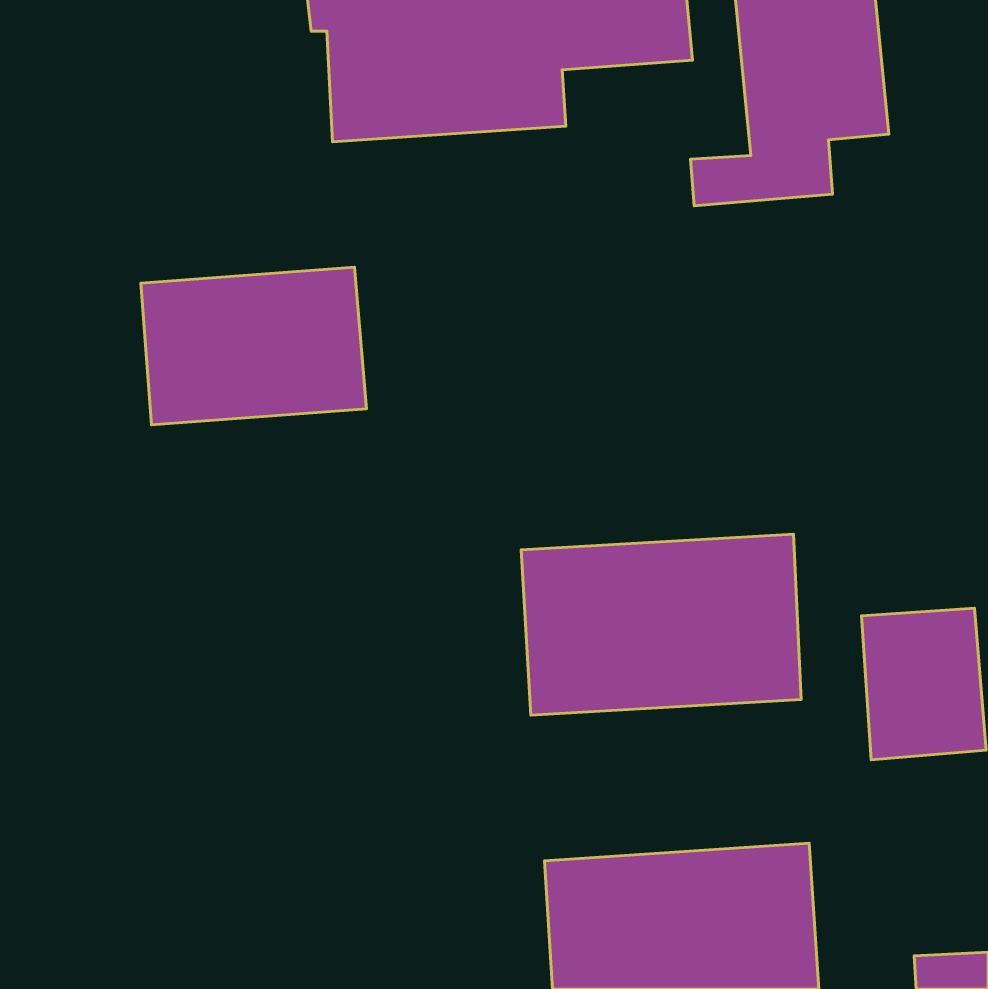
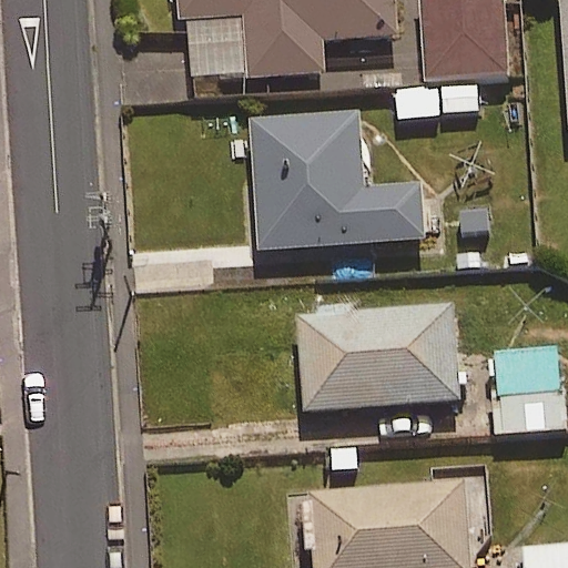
building: none -> [250,112,422,250]
building: [141,267,367,425] -> none

